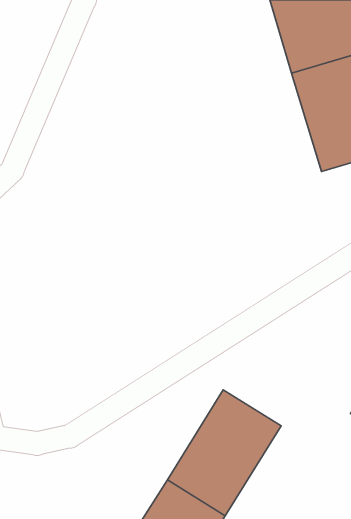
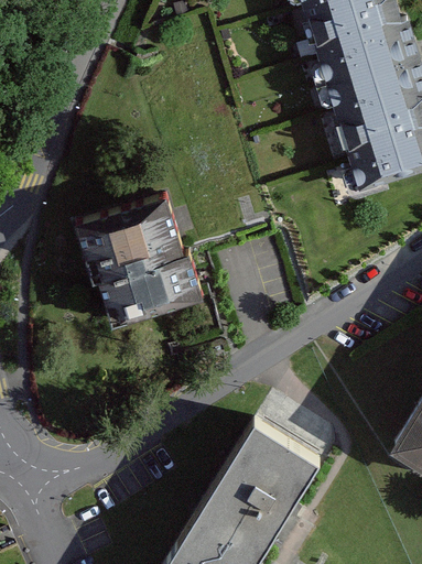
building: none -> [77,198,202,326]

